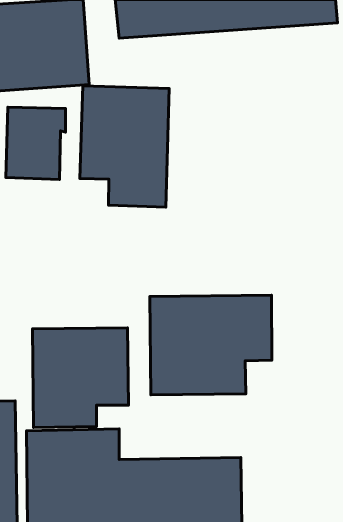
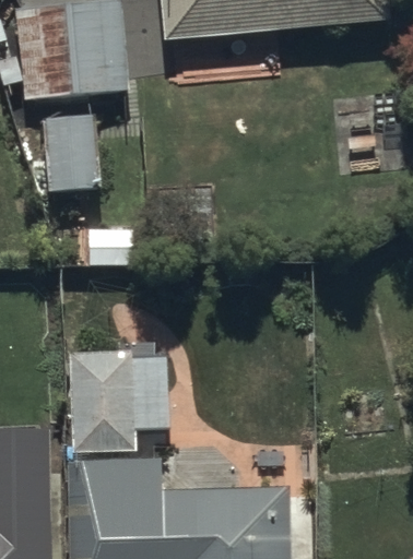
building: [80,86,169,207] -> none
building: [150,295,272,395] -> none

